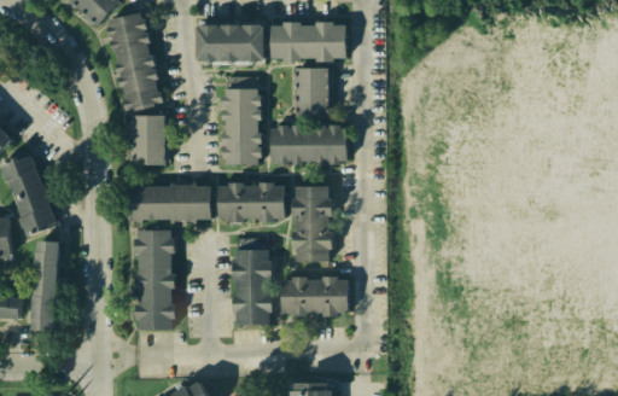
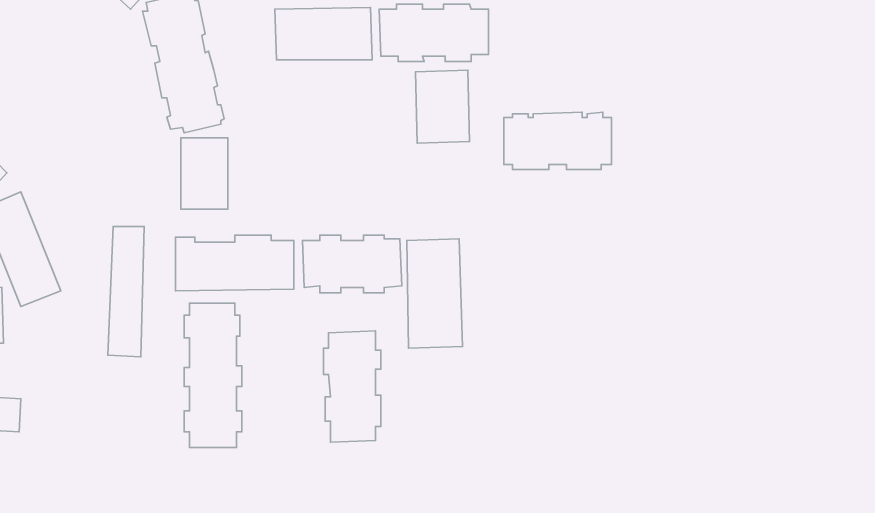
building: [220,78,256,165] -> none
building: [272,124,346,164] -> [504,112,612,170]
building: [33,241,58,332] -> [108,227,144,357]
building: [281,276,348,316] -> none

